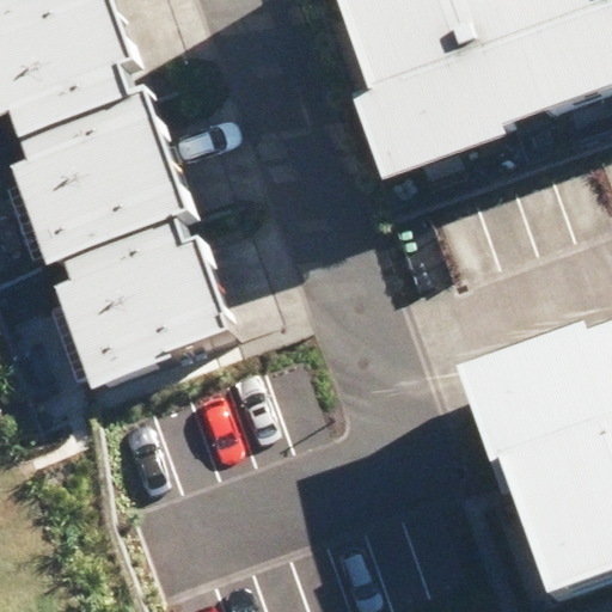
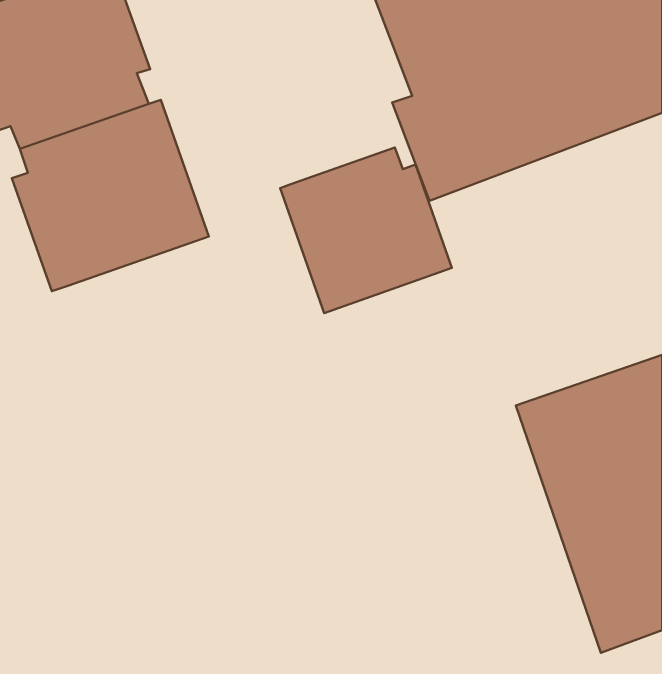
building: none -> [280,148,452,313]
building: [54,213,231,385] -> none

